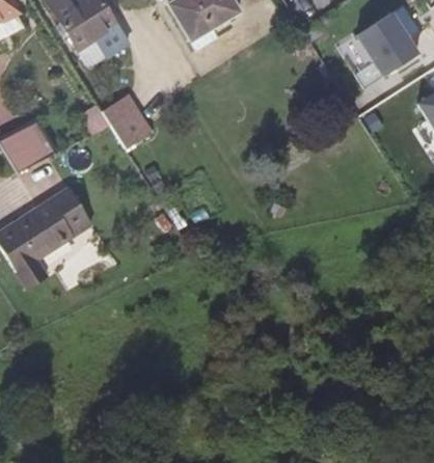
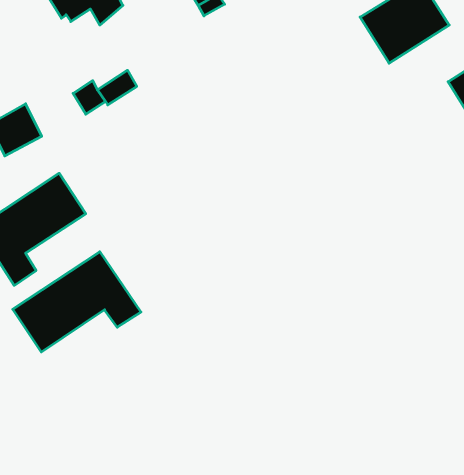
building: [112,107,153,146] -> none
building: none -> [13,252,141,352]

